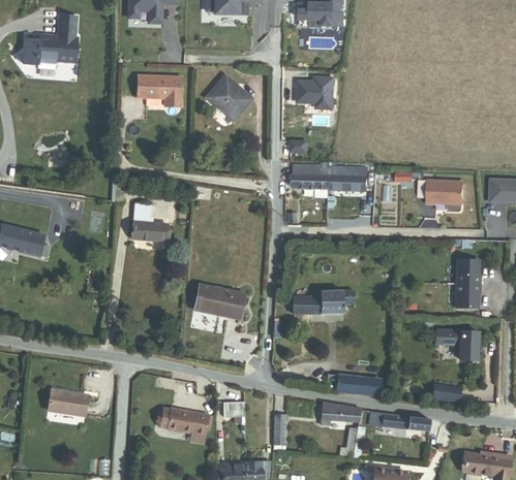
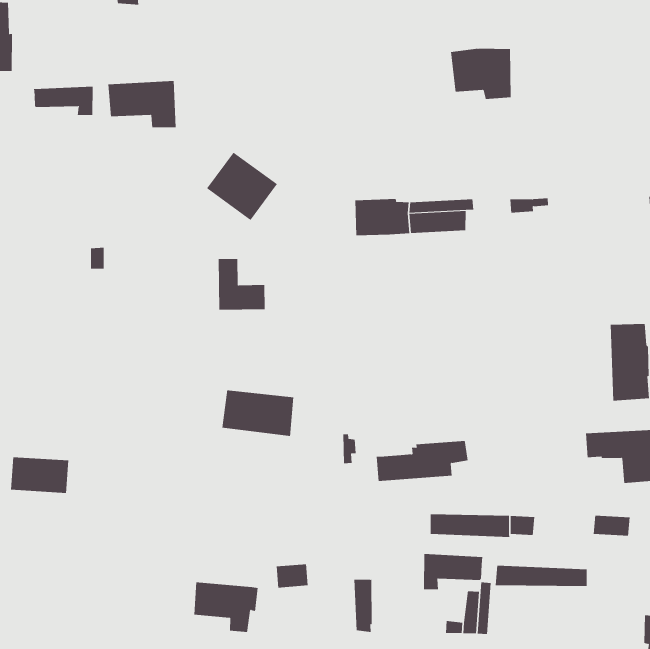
building: [205,74,252,121] -> [206,152,278,221]
building: none -> [34,86,93,116]
building: [294,75,334,109] -> [450,48,511,99]
building: [425,179,463,205] -> none
building: [134,203,166,239] -> [218,258,265,310]
building: [294,290,355,313] -> [376,440,469,482]
building: [47,389,87,416] -> [10,457,69,493]

